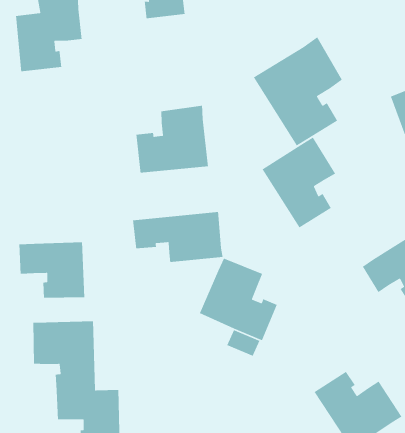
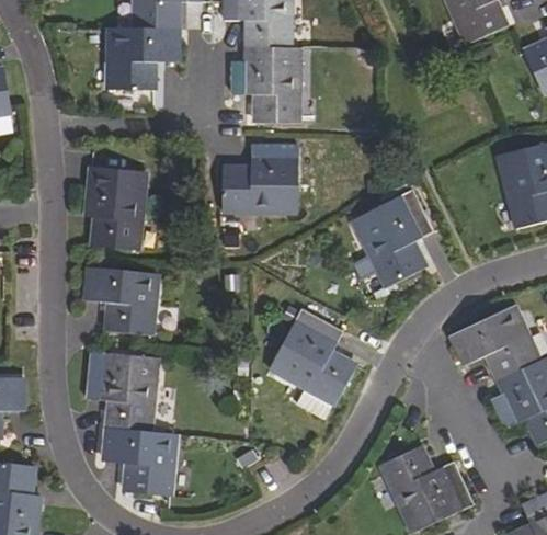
building: none -> [233,44,301,119]
building: [253,36,343,146] -> none
building: none -> [83,167,141,248]
building: [132,211,223,263] -> none

